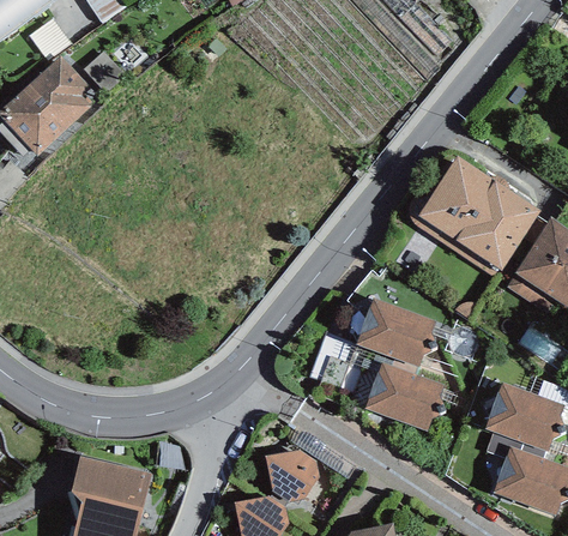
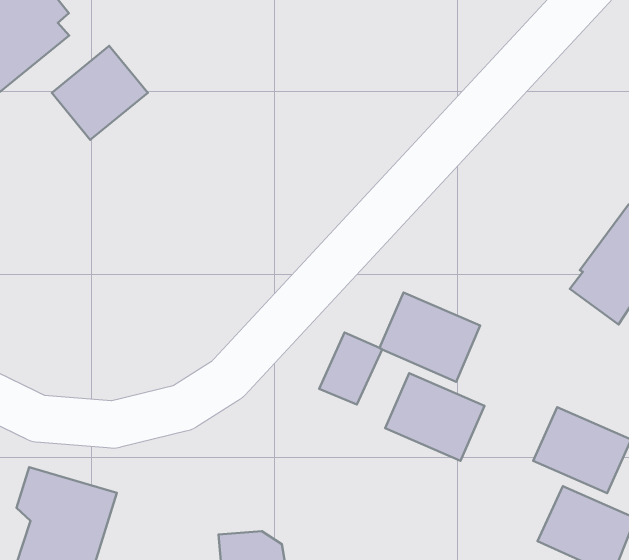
building: none -> [52,46,148,140]
building: [417,155,540,271] -> none
building: [264,451,319,504] -> none

